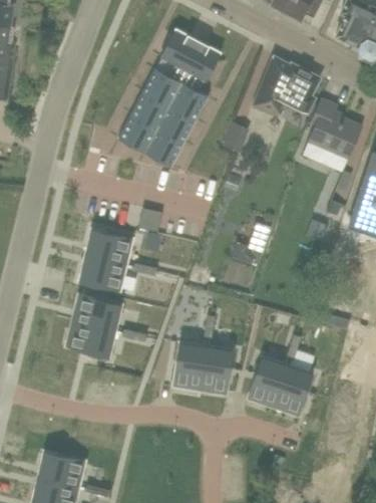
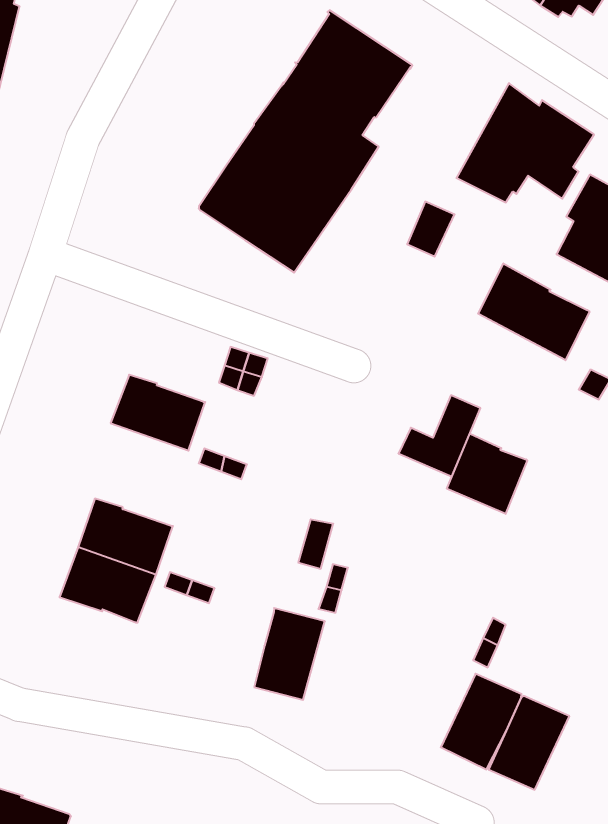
building: none -> [478,263,589,360]
building: none -> [447,433,527,514]
building: [78,255,126,291] -> none
building: [200,346,233,393] -> none
building: [249,357,288,406] -> [489,696,569,790]

